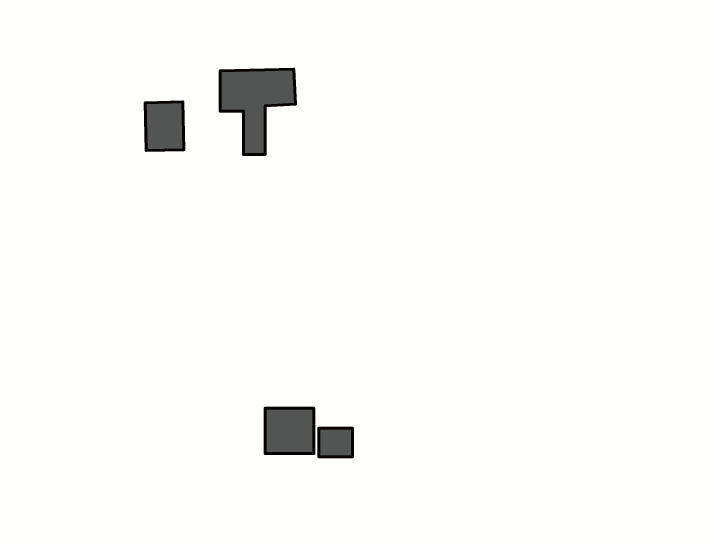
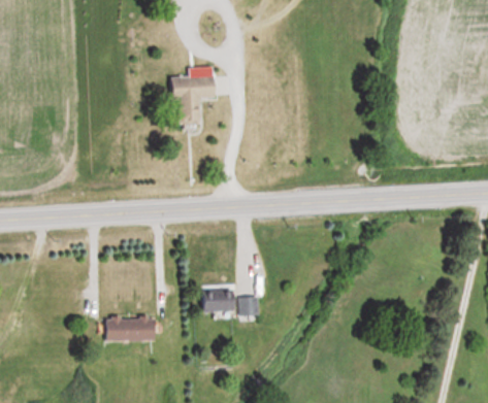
building: [145,102,184,151] -> none
building: none -> [108,316,158,340]

